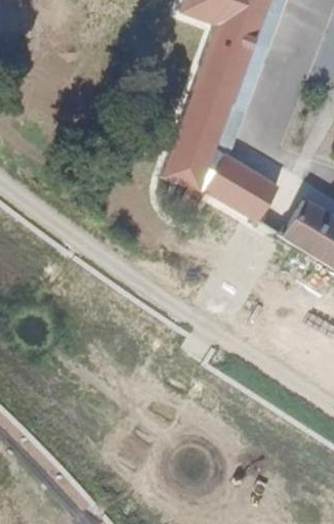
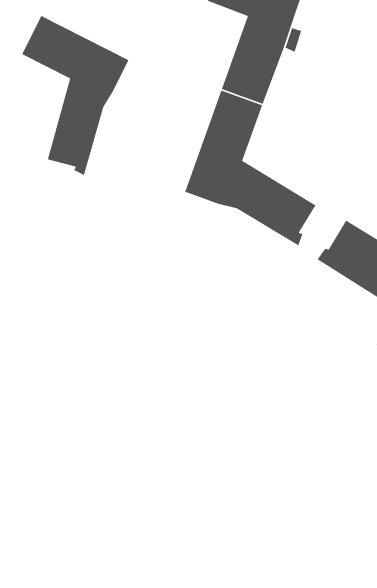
building: none -> [21,15,129,176]

